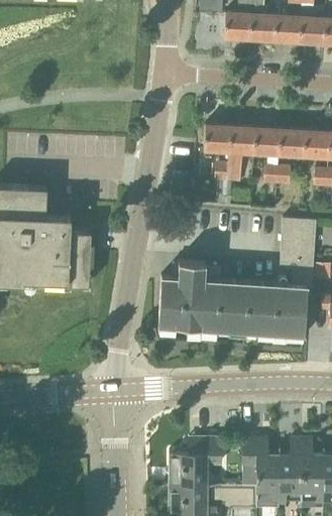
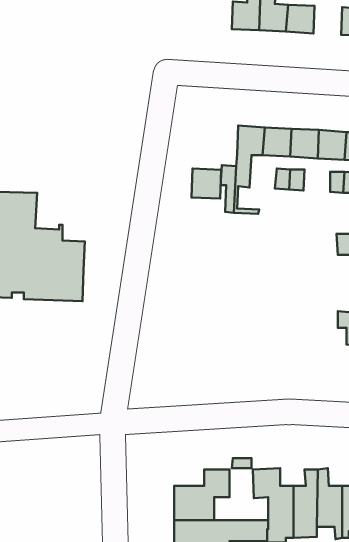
building: [299,17,325,43] -> none
building: [203,125,230,152] -> [191,169,221,198]
building: [157,219,316,341] -> none

